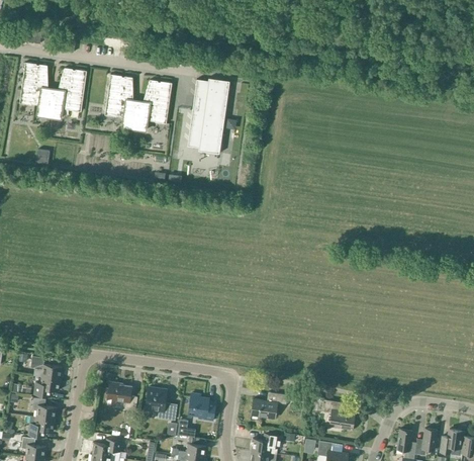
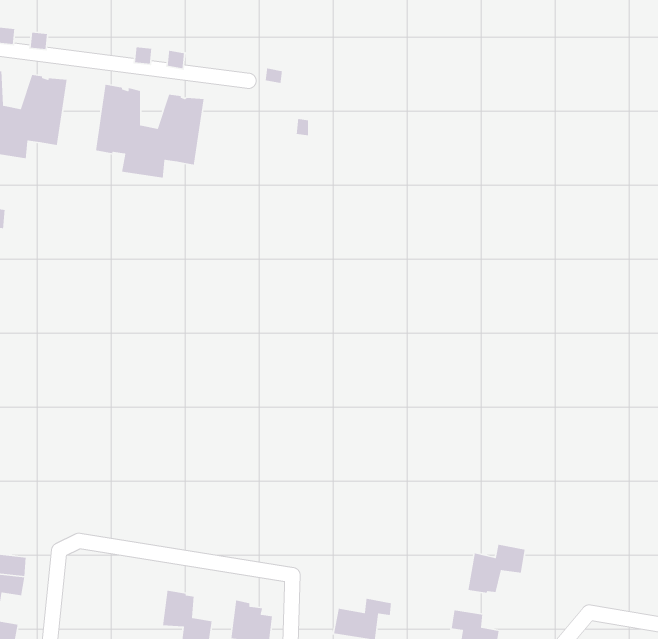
building: [187,78,229,154] -> none
building: none -> [467,544,525,594]
building: [106,382,136,411] -> none

